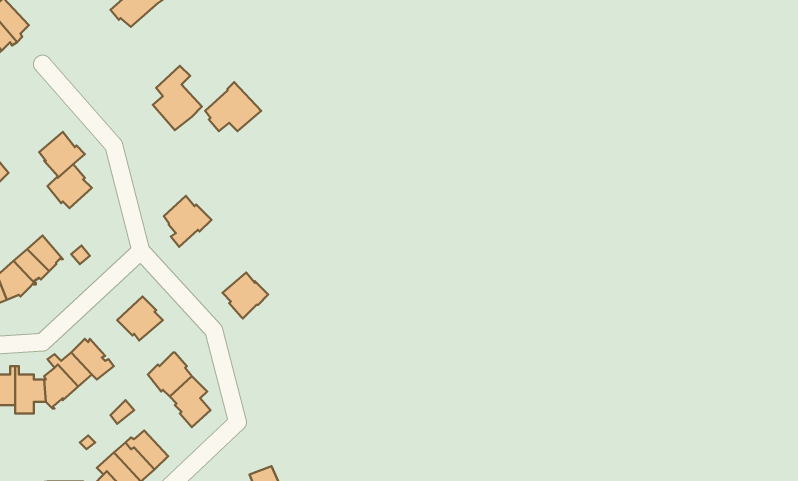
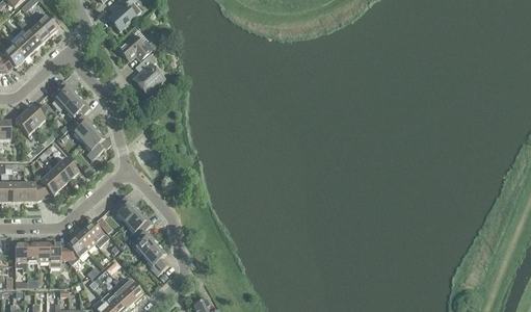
building: [205,82,261,131] -> [120,30,154,60]
building: none -> [50,80,78,107]
building: [164,196,211,247] -> [82,129,111,160]
building: [222,273,268,318] -> [125,210,153,238]

